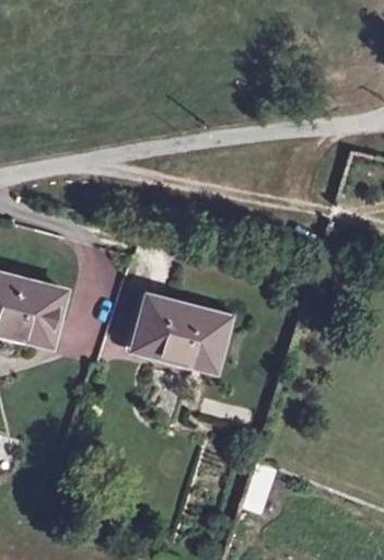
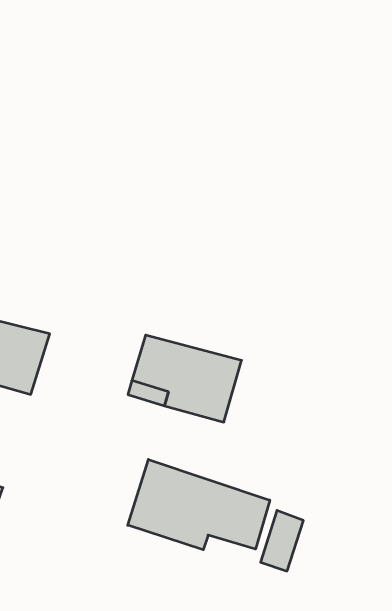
building: none -> [128,459,270,550]

